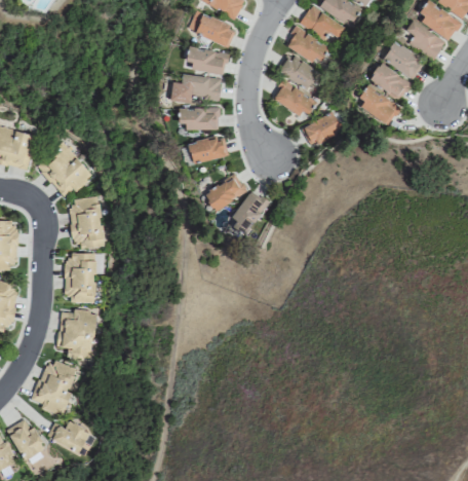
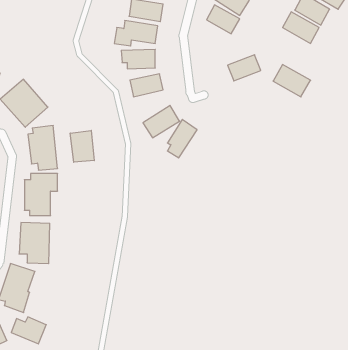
building: [273,82,317,115] -> none
building: [357,86,401,124] -> [273,65,311,97]
building: none -> [70,130,94,162]

